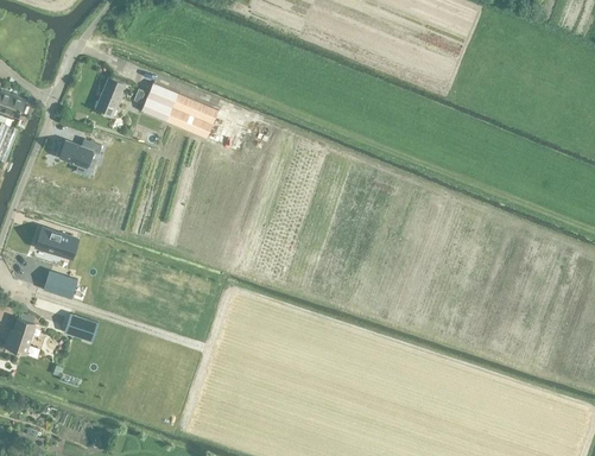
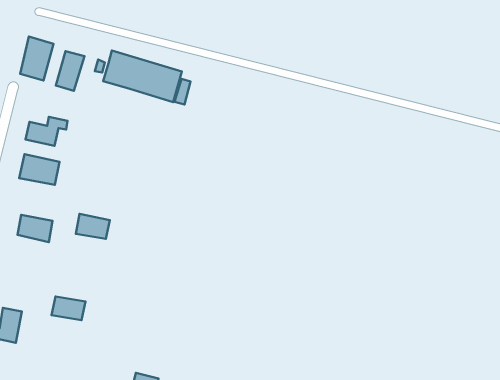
building: none -> [20,37,53,80]
building: none -> [19,154,60,185]
building: [40,270,75,297] -> [76,214,110,239]

